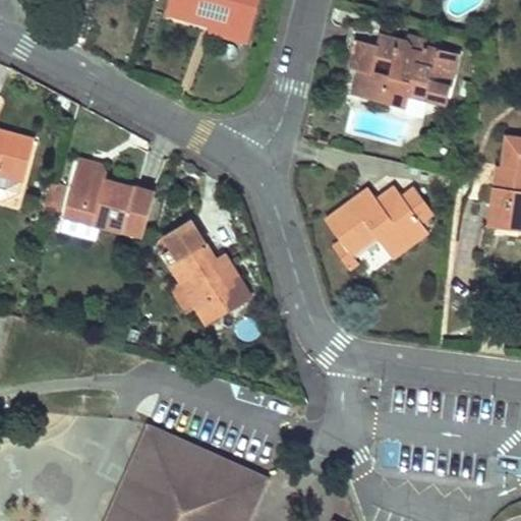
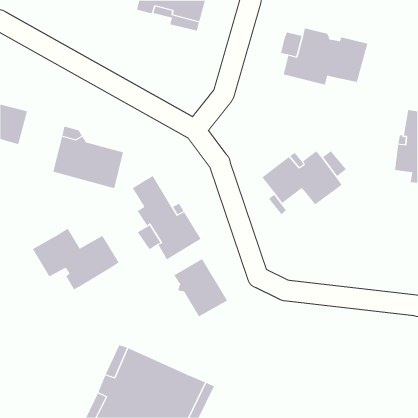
building: none -> [32,228,120,290]
building: none -> [174,258,228,317]

